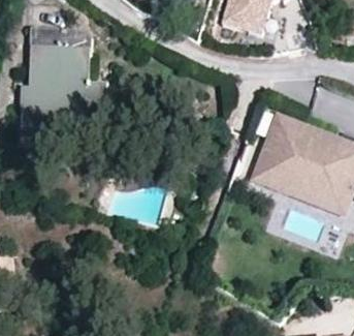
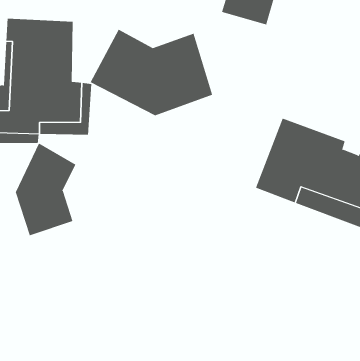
building: none -> [90,29,213,116]
building: none -> [15,143,76,236]

